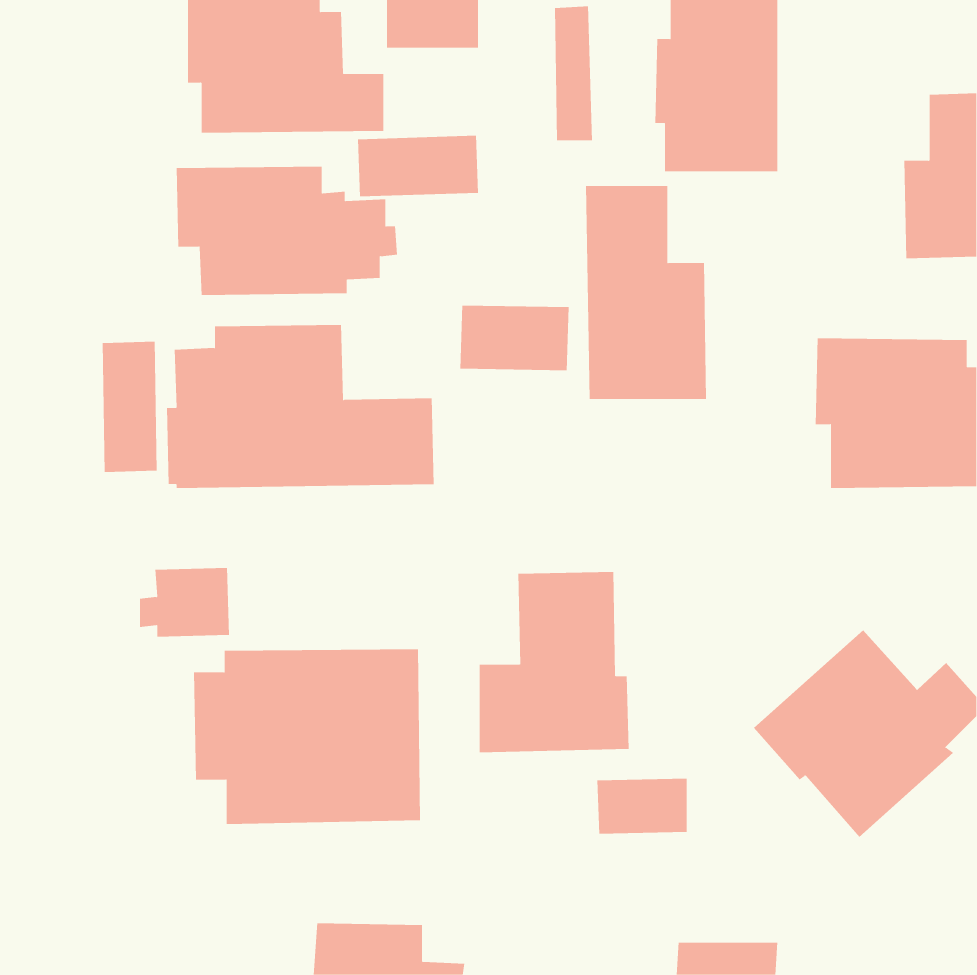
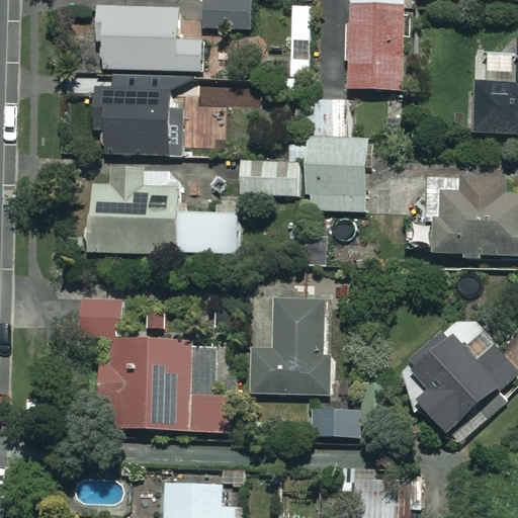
building: [102,341,157,473] -> none

